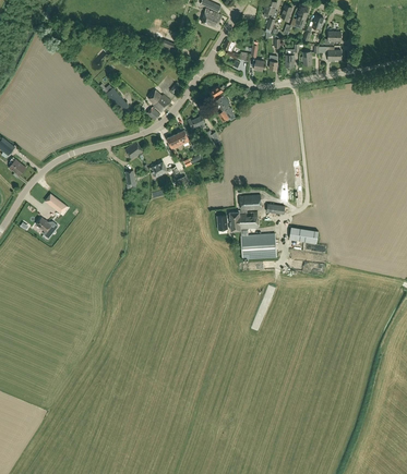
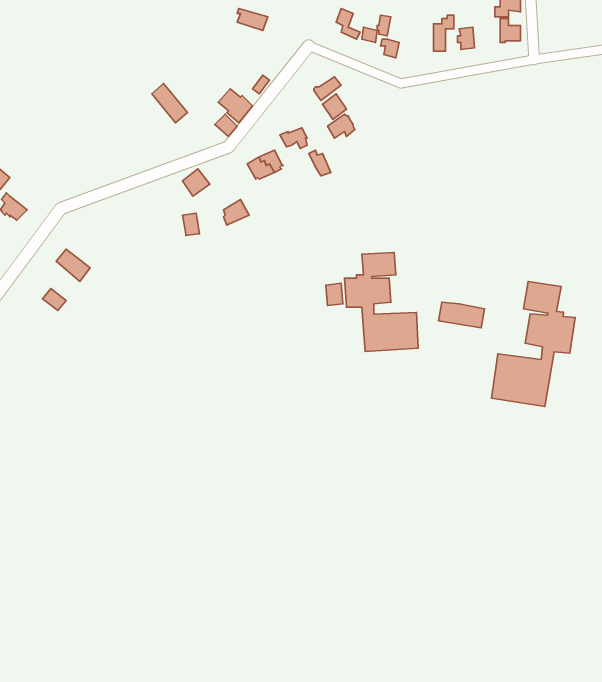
building: none -> [491,282,575,407]

